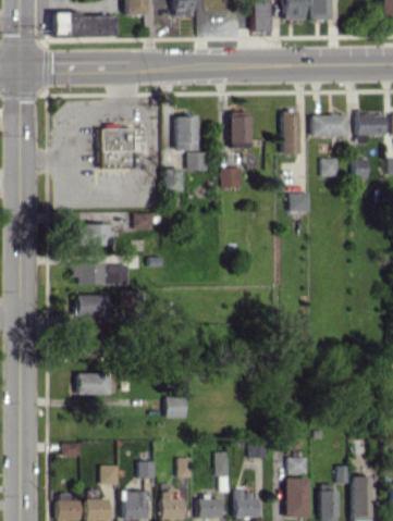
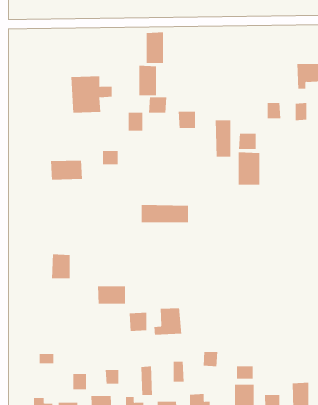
building: [281,111,299,153] -> [215,120,231,157]
building: [230,112,250,148] -> [146,32,164,64]
building: [311,114,347,136] -> none
building: none -> [238,152,260,186]
building: [74,263,128,284] -> [141,205,189,223]
building: [75,294,108,315] -> none
building: [76,373,109,394] -> [97,286,126,304]
building: none -> [154,308,182,336]

